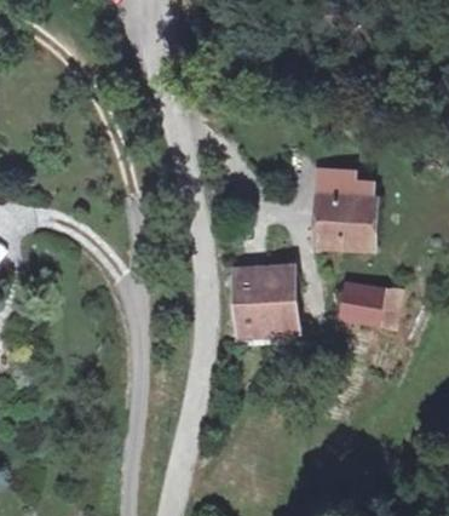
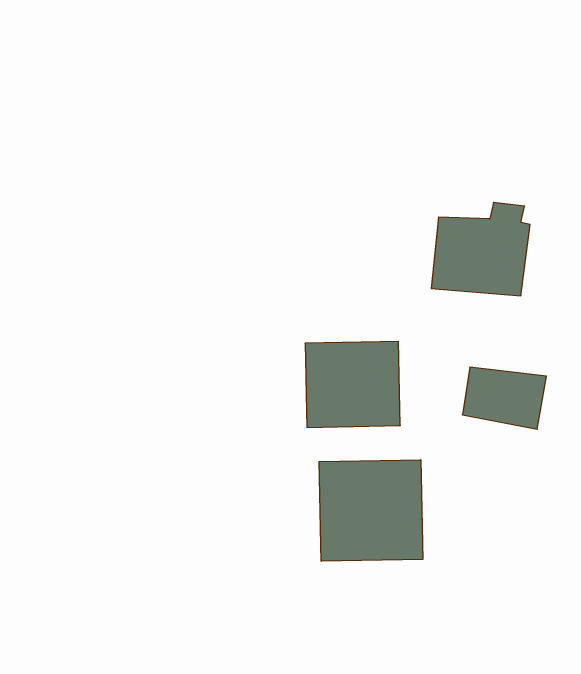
building: none -> [319,460,423,561]

